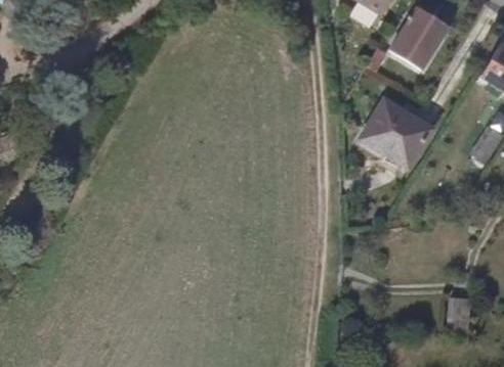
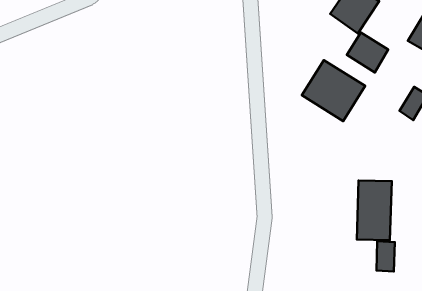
building: none -> [347,32,388,72]
building: none -> [357,181,392,240]

